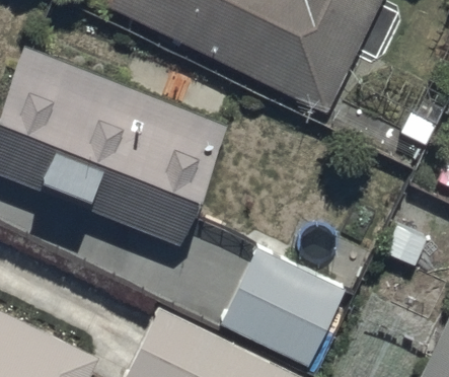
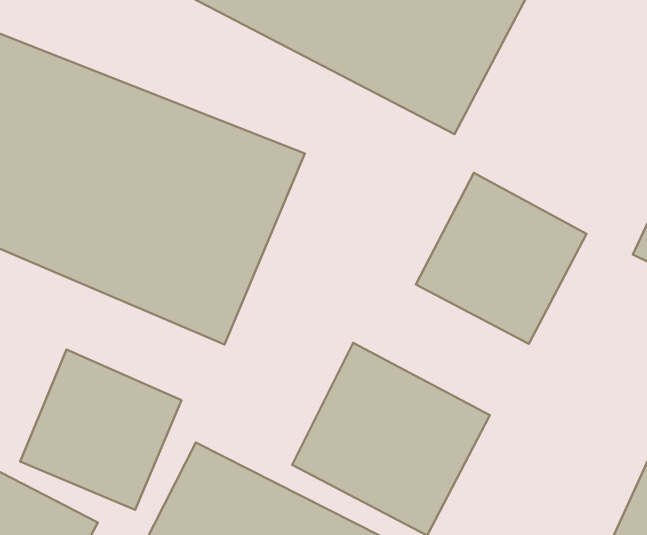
building: none -> [416,173,586,344]
building: none -> [20,350,182,510]

